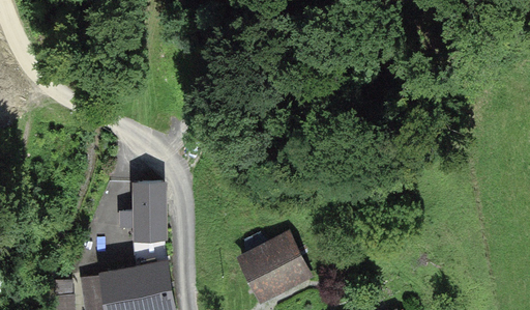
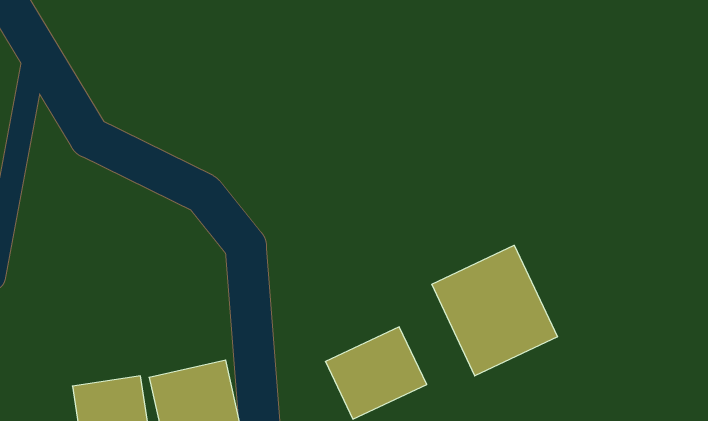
building: none -> [432,245,557,376]
building: [132,182,167,238] -> none

